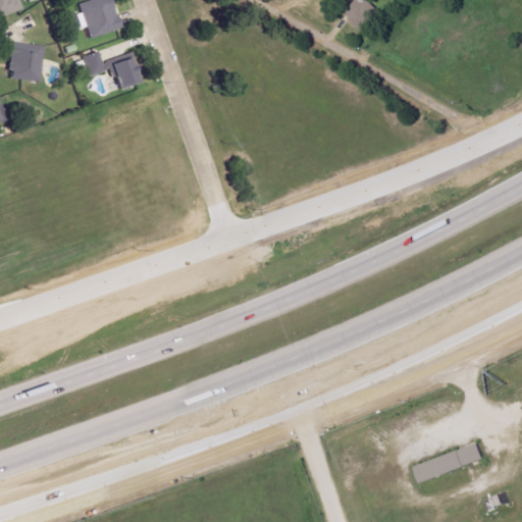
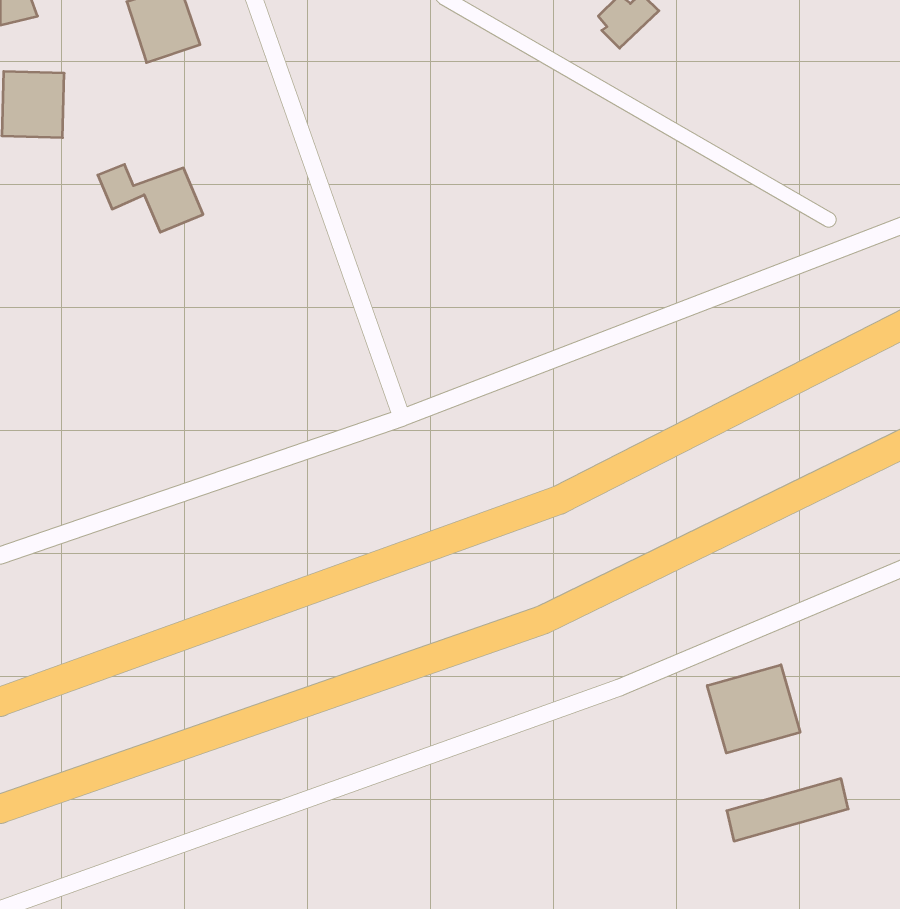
building: [83,49,143,88] -> [98,164,203,232]
building: none -> [707,665,800,753]

